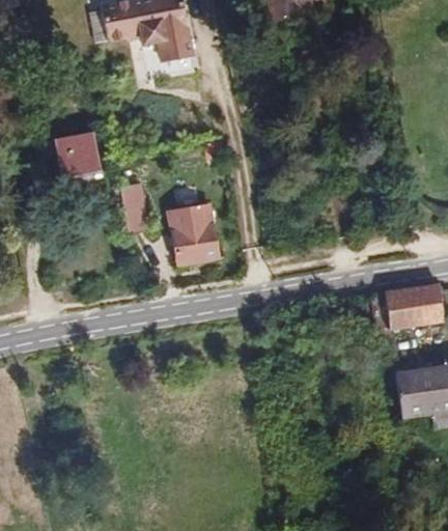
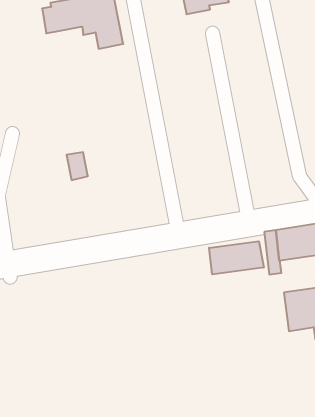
building: [55,131,103,179] -> none
building: [169,205,219,263] -> none
building: none -> [209,241,264,274]

